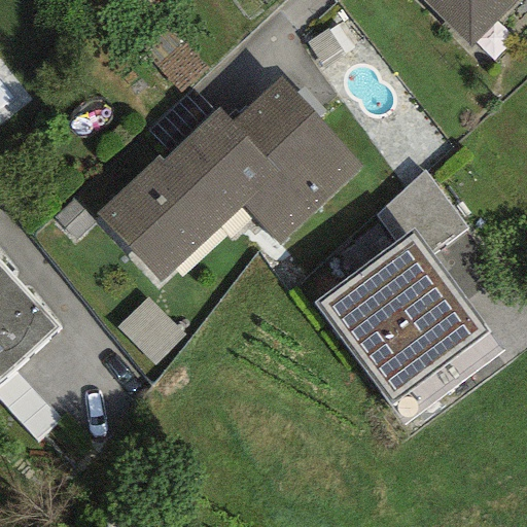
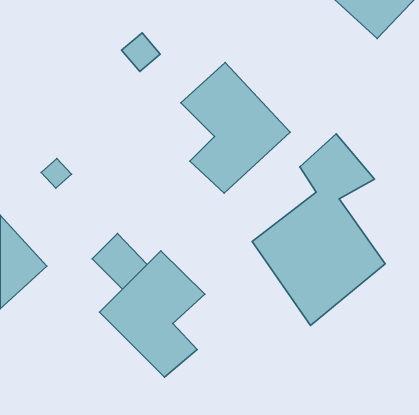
building: [99,112,270,278] -> none
building: none -> [99,251,205,377]

